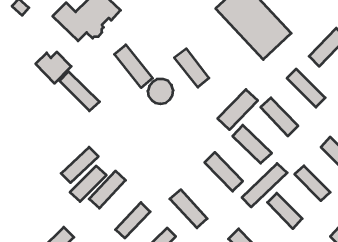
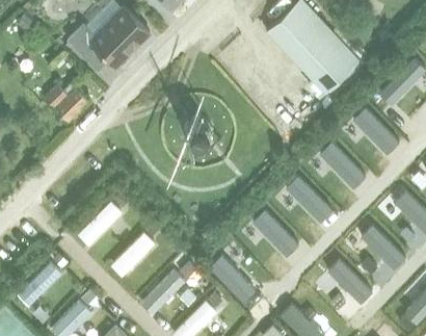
building: [114,45,153,88] -> none
building: [174,49,209,87] -> none
building: [59,72,100,111] -> none
building: [218,89,258,130] -> none
building: [242,163,287,207] -> none
building: [70,166,106,202] -> [17,261,61,305]

